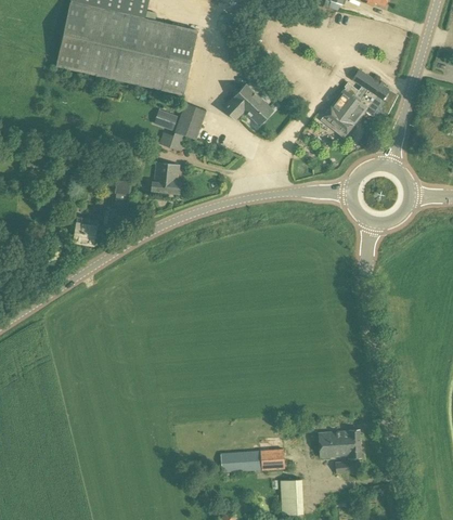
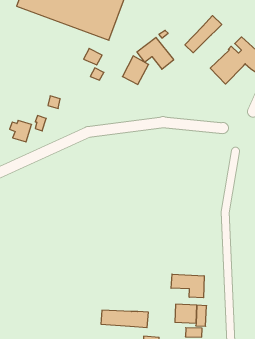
building: none -> [185,16,222,53]
building: [173,102,206,139] -> [122,56,149,84]
building: [151,161,180,193] -> none
building: none -> [171,274,204,298]

